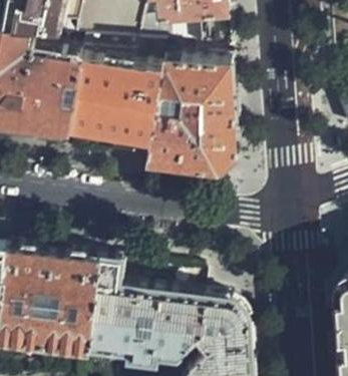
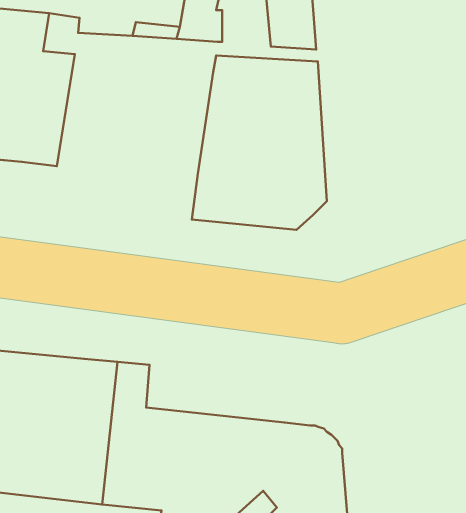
building: [58,57,161,136] -> none

